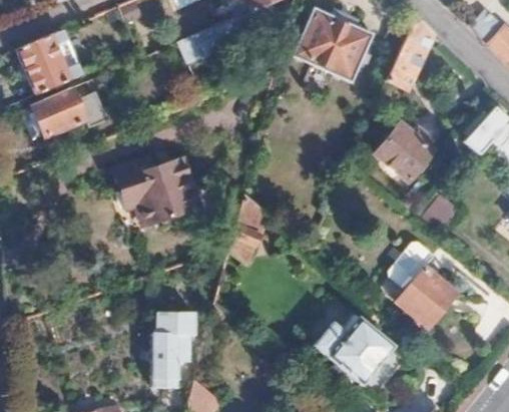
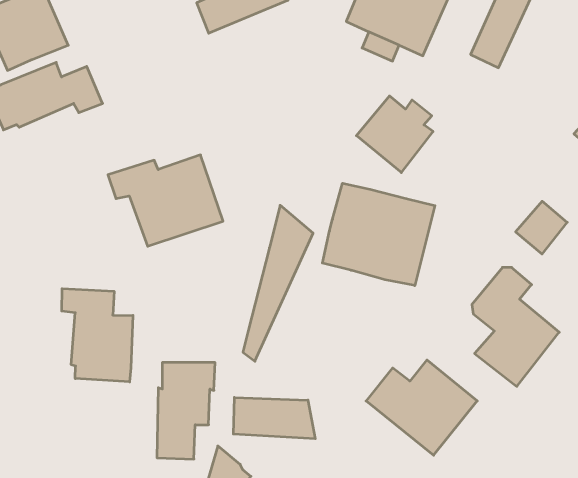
building: [375,122,433,180] -> [356,96,433,173]
building: none -> [322,183,435,286]
building: none -> [62,289,133,382]
building: none -> [233,397,315,439]

